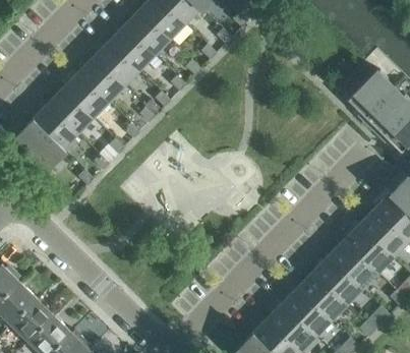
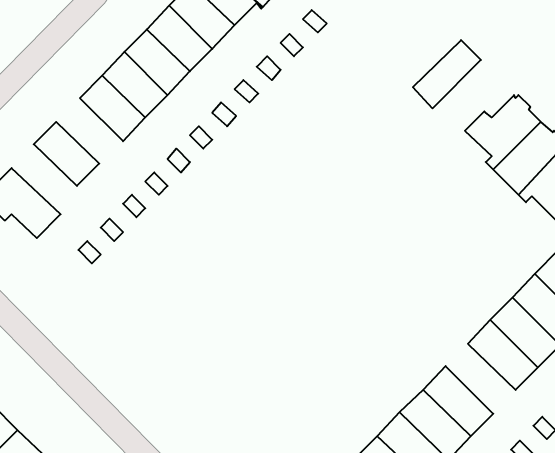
building: none -> [413,40,481,108]
building: [63,73,109,118] -> none
building: [33,105,77,153] -> none
building: [330,241,377,289] -> none

